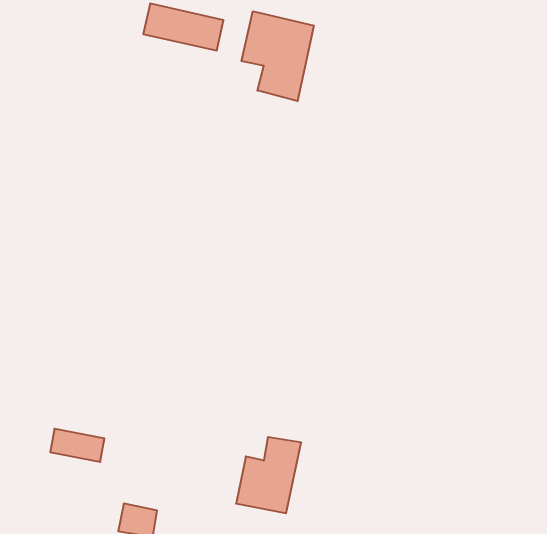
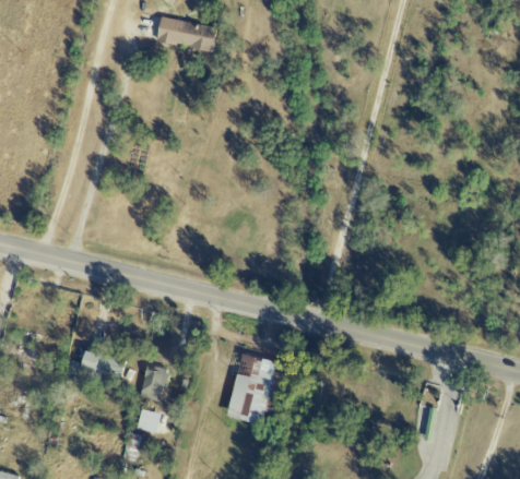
building: [242,11,314,101] -> none
building: none -> [138,368,164,400]

